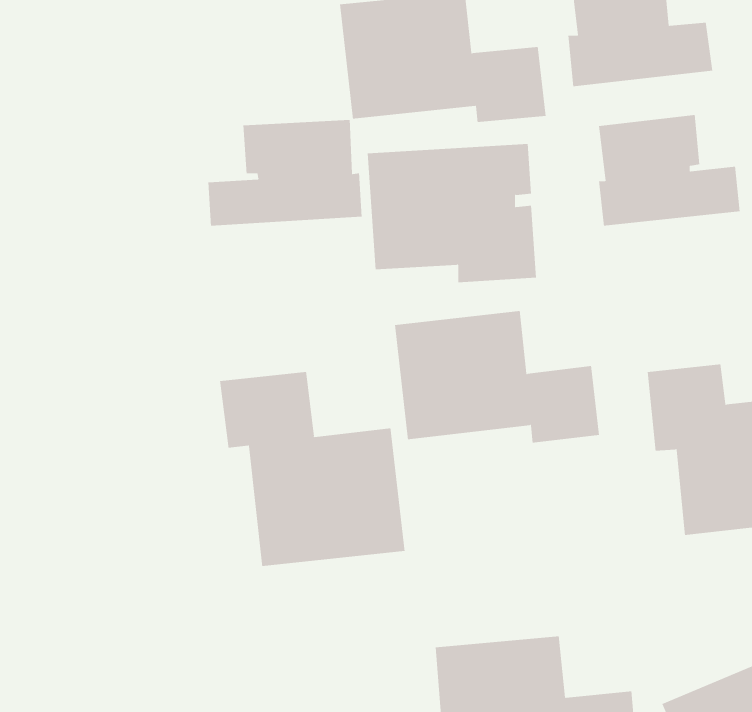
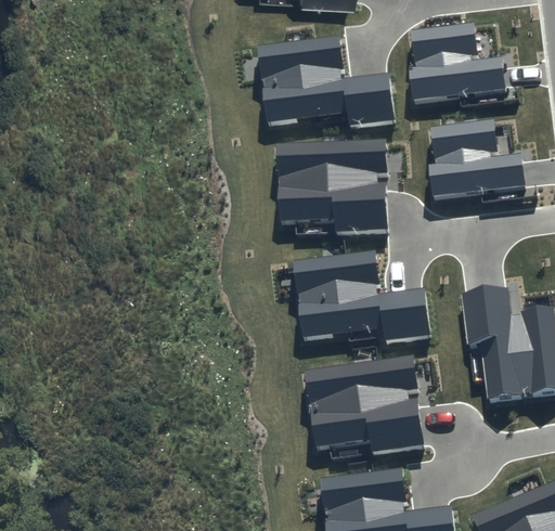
building: [208,119,362,226] -> none
building: [220,371,405,567] -> none
building: none -> [306,359,423,455]

